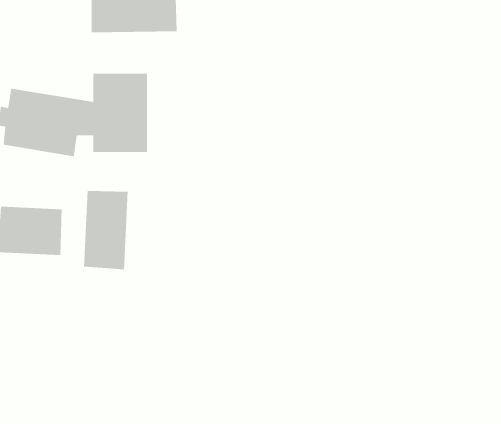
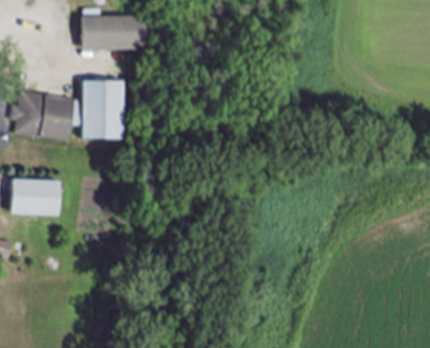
building: [84,190,128,270] -> none

